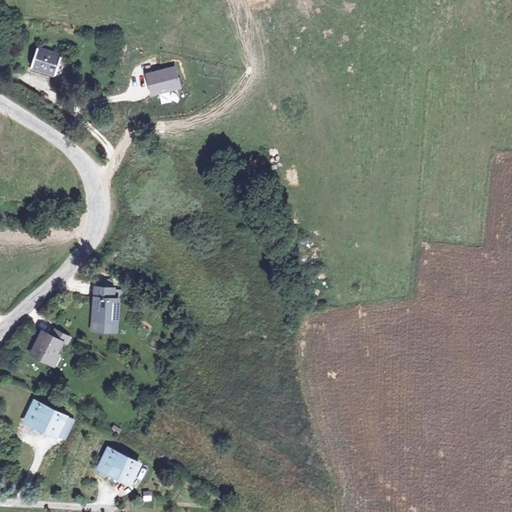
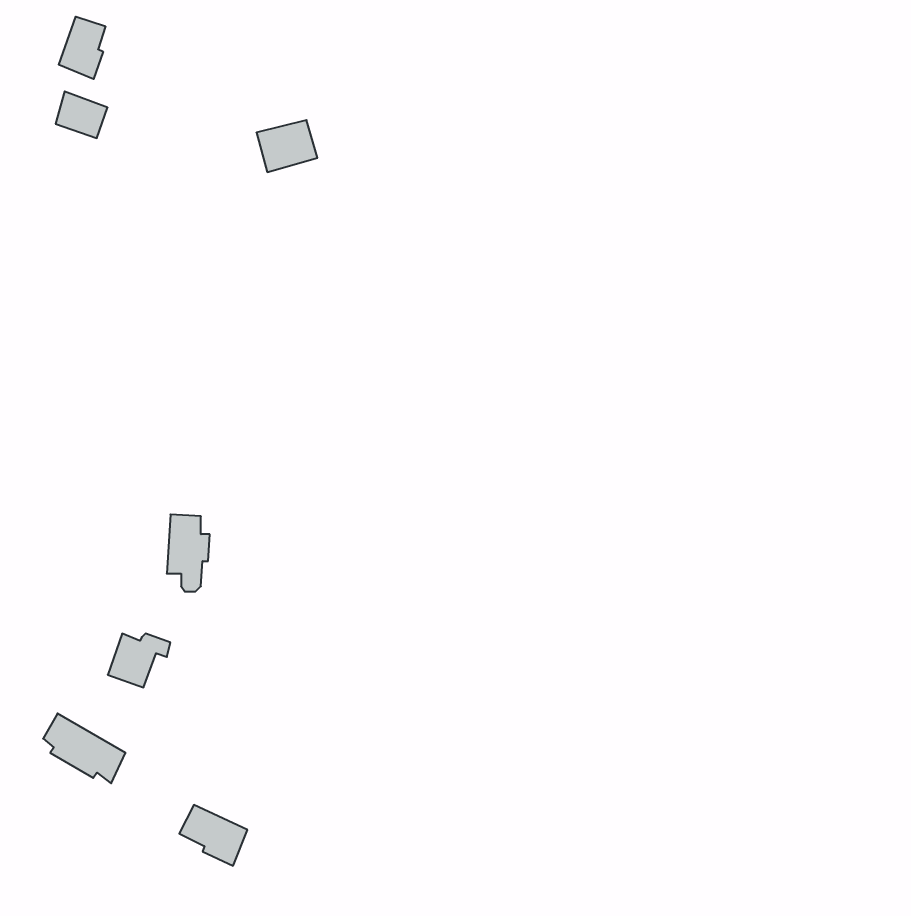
building: none -> [59,17,105,79]
building: [33,332,68,362] -> [108,634,170,687]

